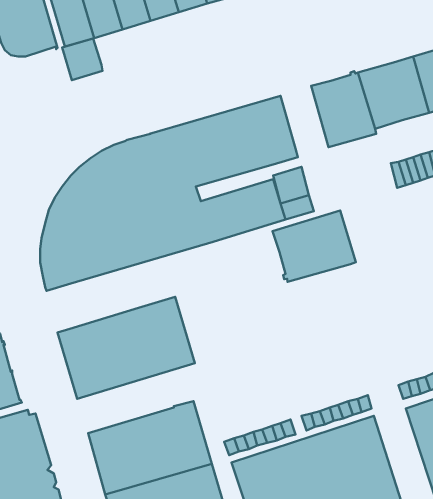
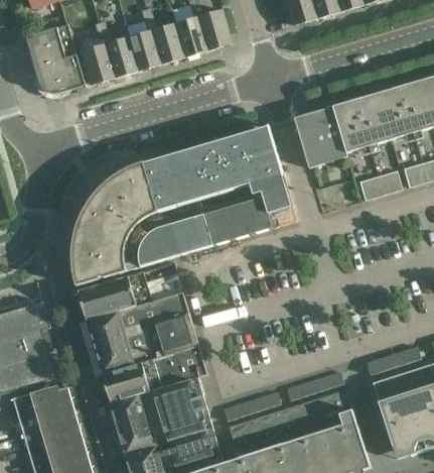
building: [62,38,103,80] -> none
building: [272,211,356,282] -> none
building: none -> [77,271,151,320]
building: none -> [101,345,205,402]

